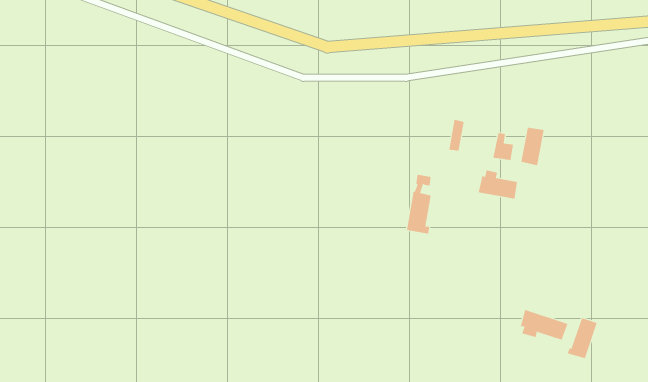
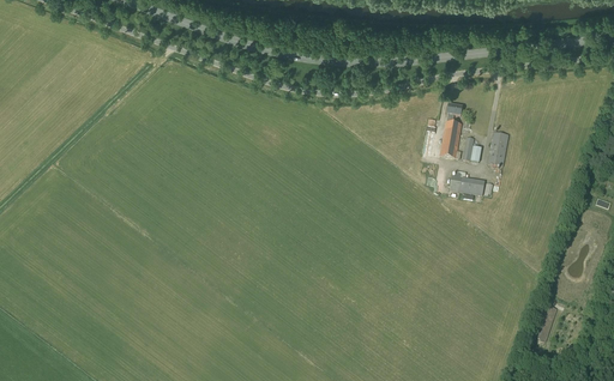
building: [406,174,431,234] -> [439,105,462,159]
building: [520,309,568,340] -> none

